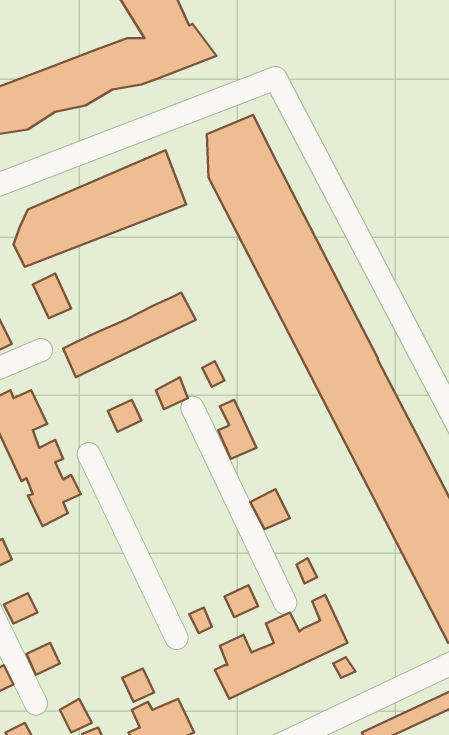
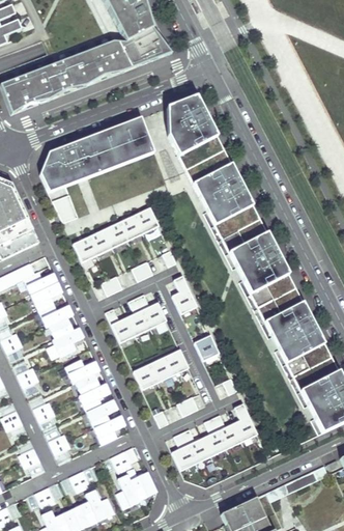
building: none -> [106,295,167,343]
building: none -> [134,348,189,389]
building: none -> [64,358,125,445]

